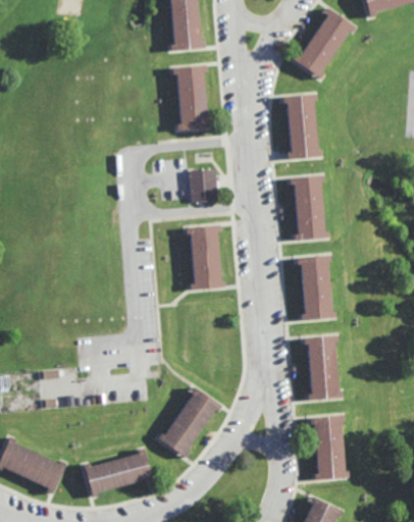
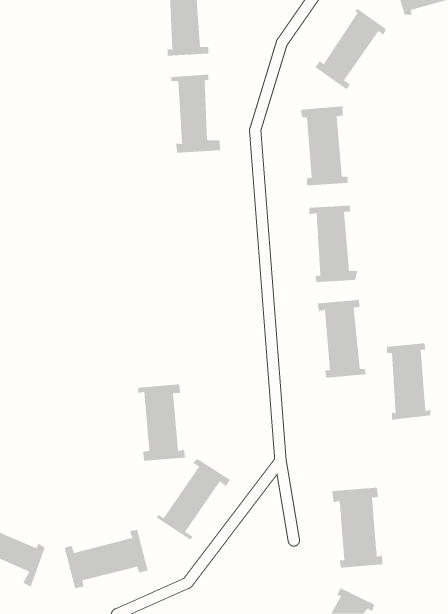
building: [187,169,213,203] -> none
building: [186,225,226,291] -> [137,384,186,461]
building: [305,335,343,401] -> [386,343,431,420]

